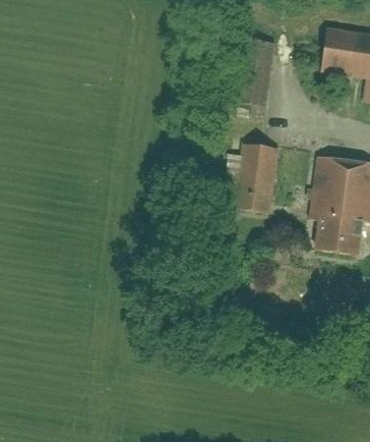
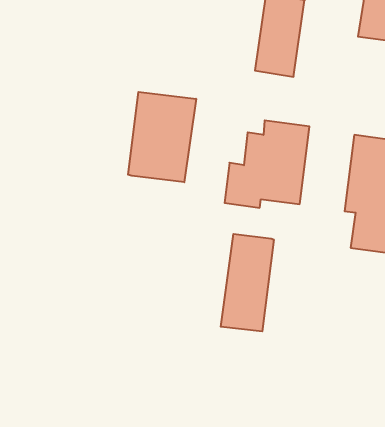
building: none -> [128,92,196,182]
building: none -> [221,234,274,331]

